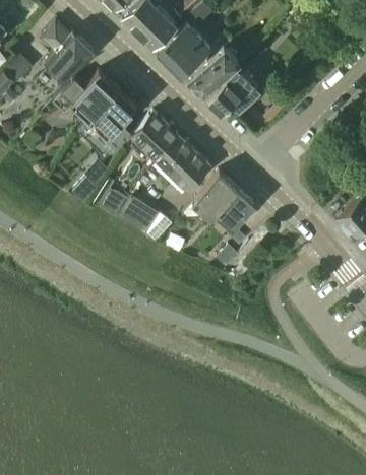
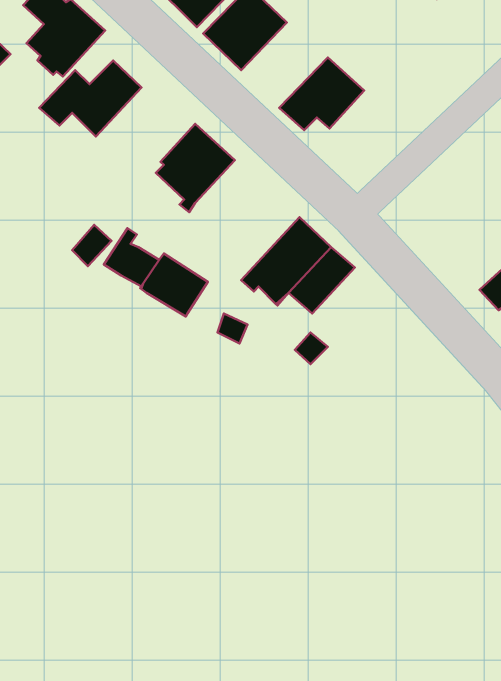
building: [189,47,239,97] -> none
building: [79,88,137,156] -> none
building: [149,135,210,192] -> none

